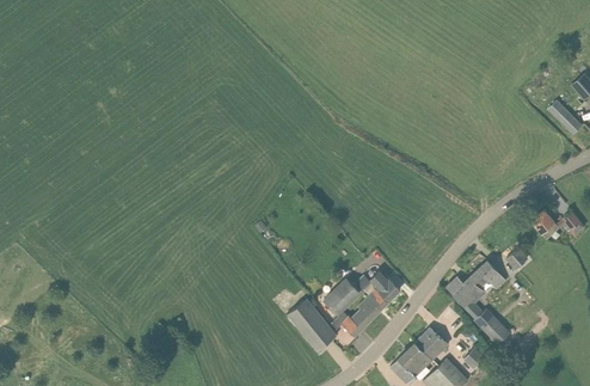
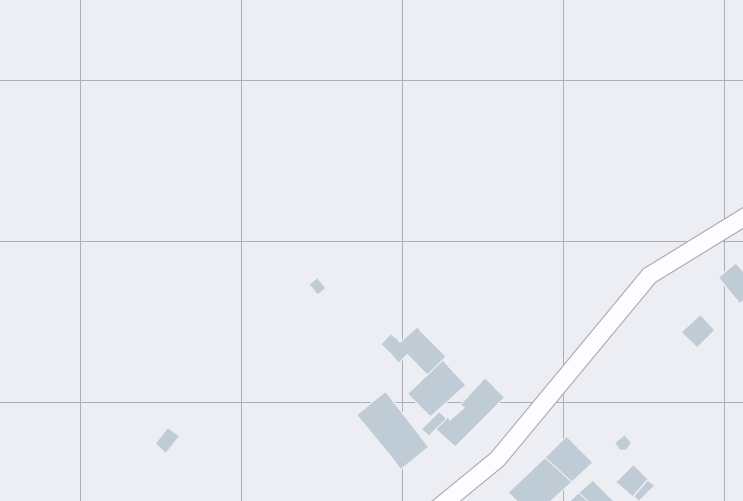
building: [445,261,509,343] -> none
building: [356,269,400,301] -> [381,326,446,374]

